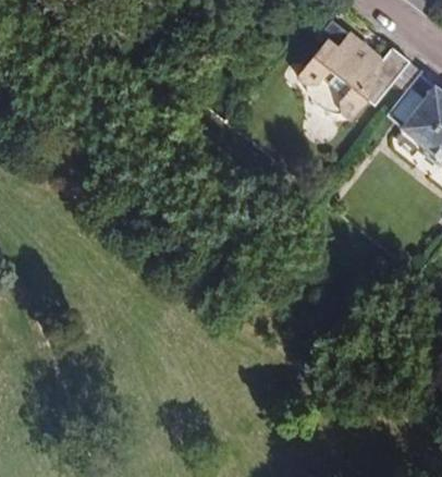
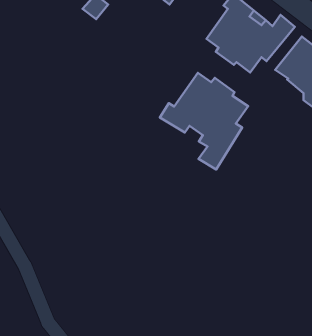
building: none -> [160,73,248,170]

